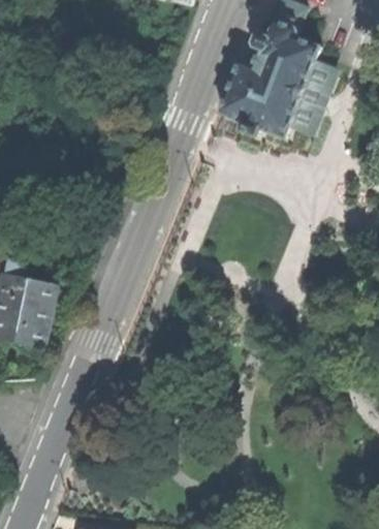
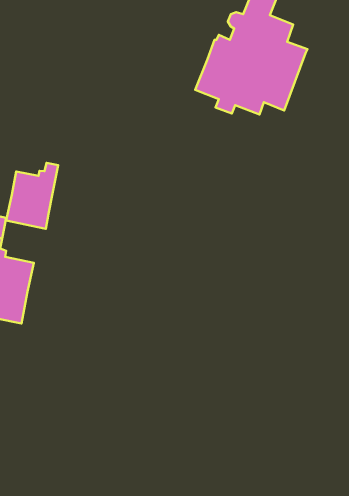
building: none -> [6,163,58,229]

